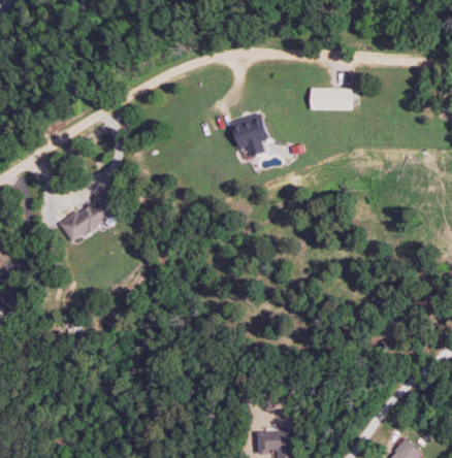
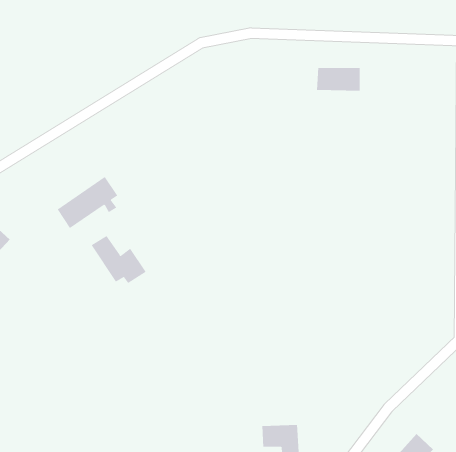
building: [230,112,267,157] -> none
building: none -> [91,235,146,284]

